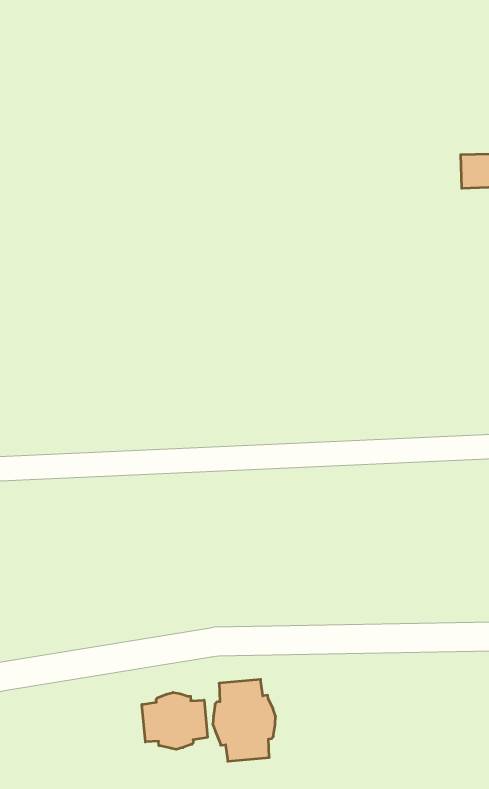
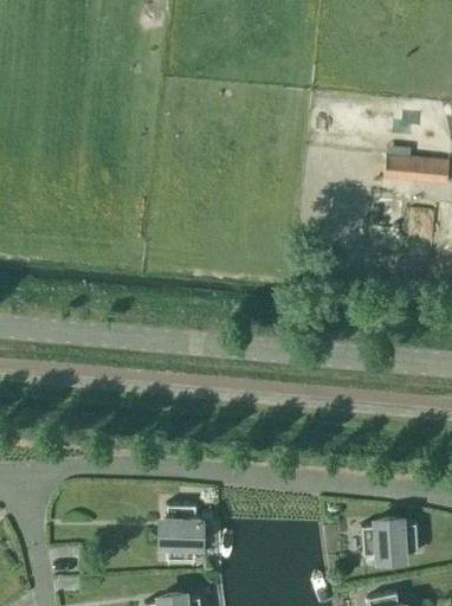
building: [142,692,207,749] -> none

